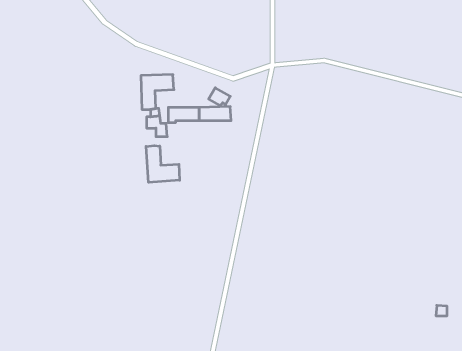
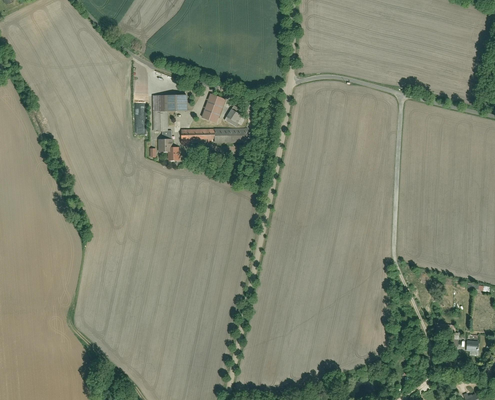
building: none -> [201,93,226,123]
building: [146,146,180,182] -> none

